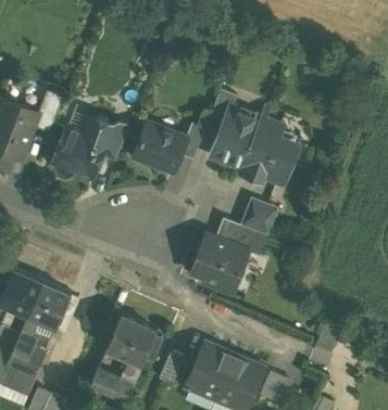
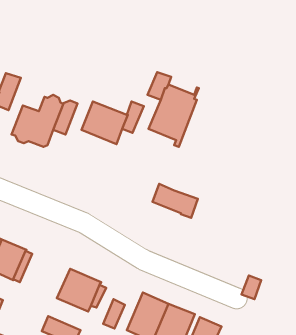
building: [246,121,297,181] -> none
building: [240,197,278,235] -> none
building: [191,235,248,293] -> none
building: [96,349,141,386] -> none

